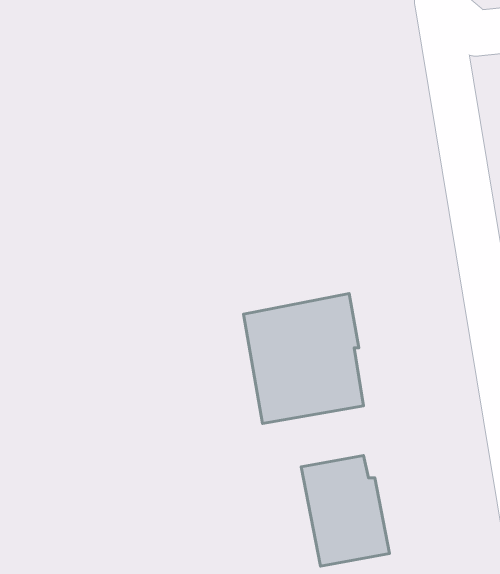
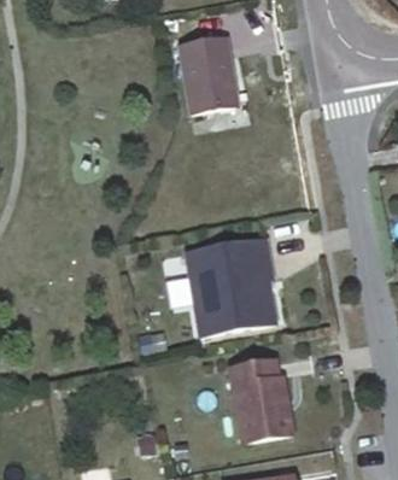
building: none -> [181,36,239,112]

